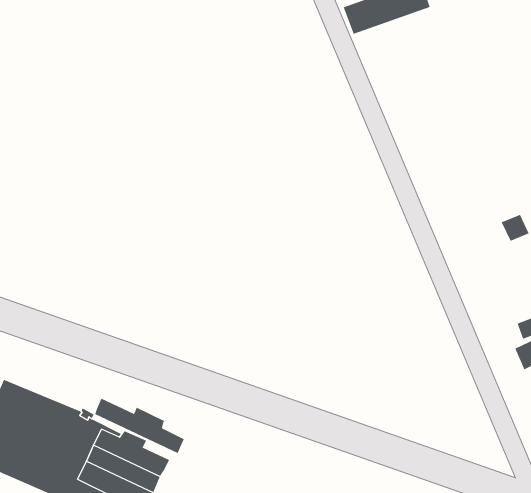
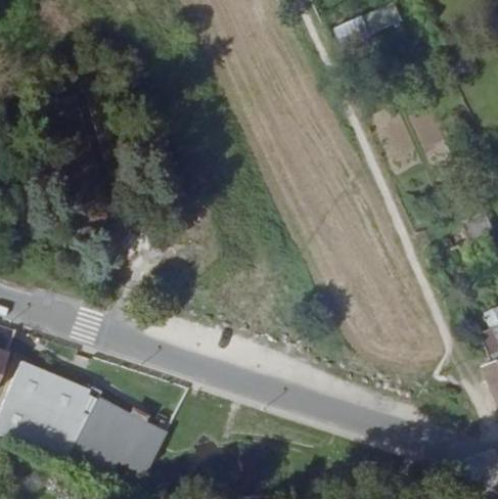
building: [95,398,185,454] -> none

